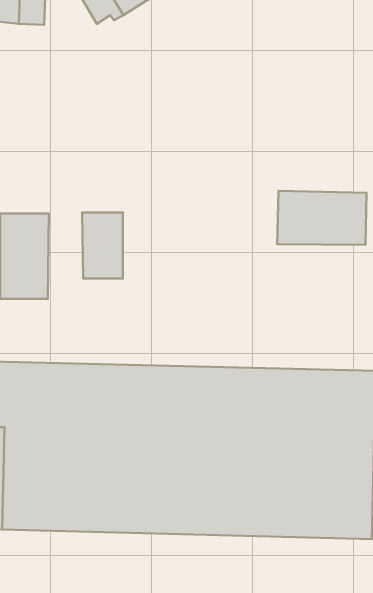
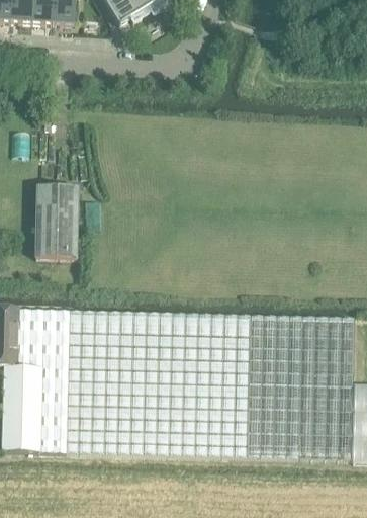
building: [277,191,367,245] -> none
building: [82,212,123,278] -> none

